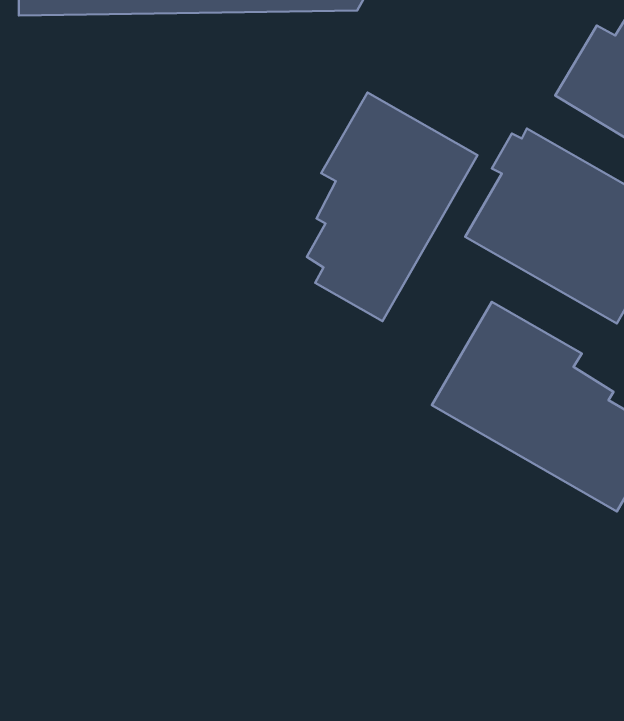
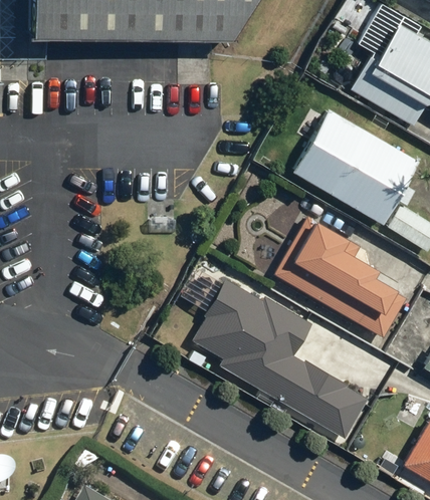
building: [307,93,478,321] -> none
building: none -> [192,283,365,434]

